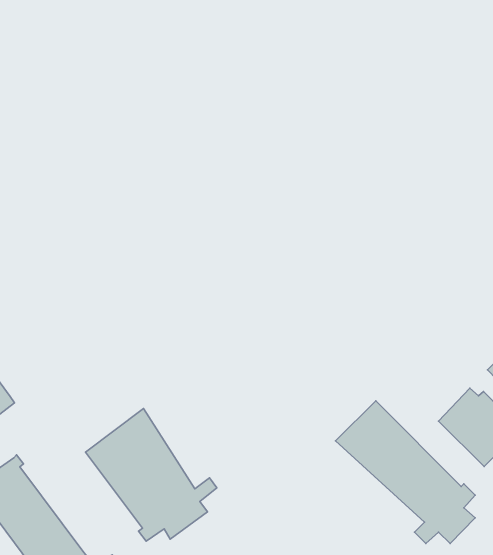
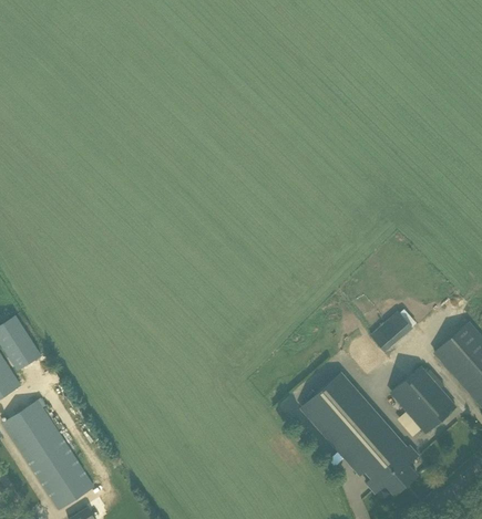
building: none -> [370,310,416,353]
building: [85,408,217,541] -> none

